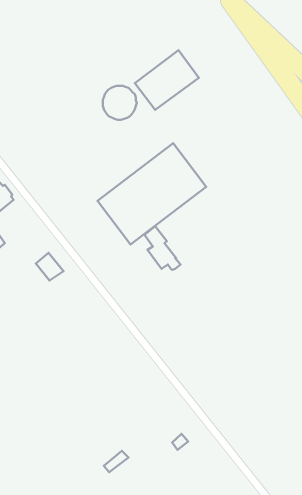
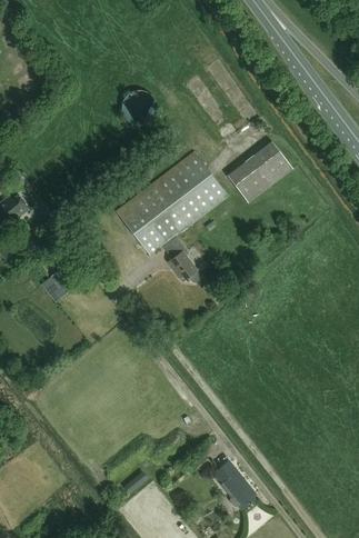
building: [135,50,199,110] -> [227,140,293,202]
building: none -> [213,460,257,511]

